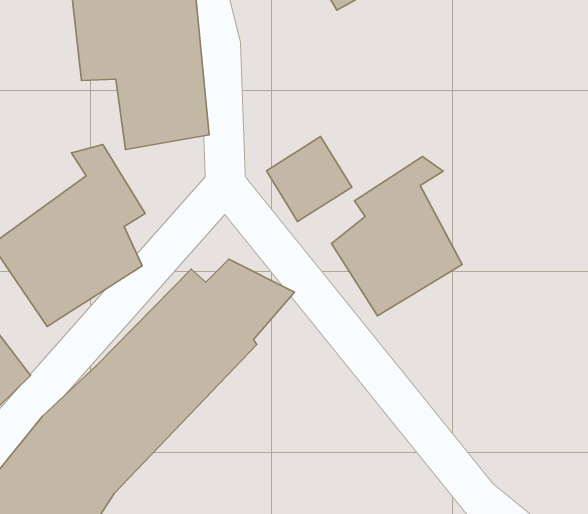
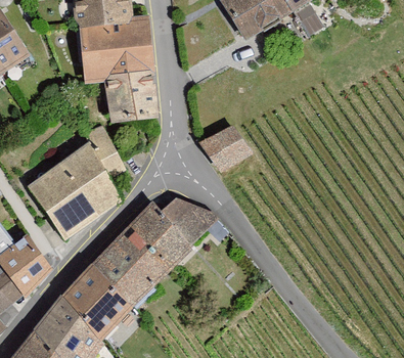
building: [331,157,462,316] -> none

